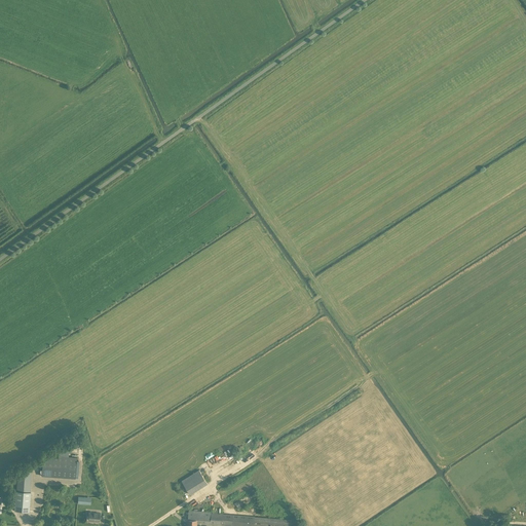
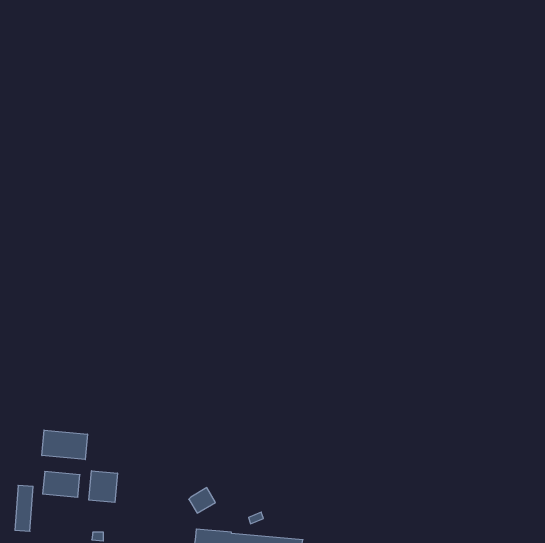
building: none -> [42,430,87,460]
building: none -> [89,471,117,502]

